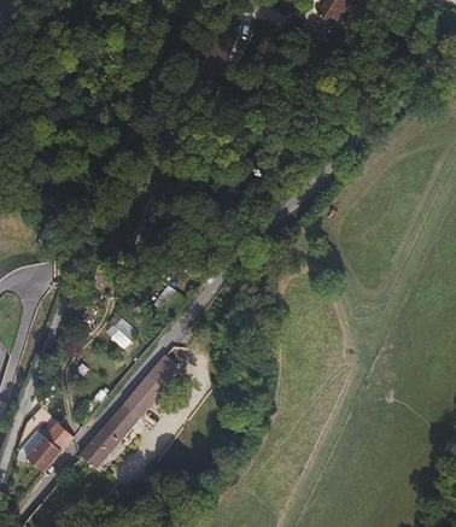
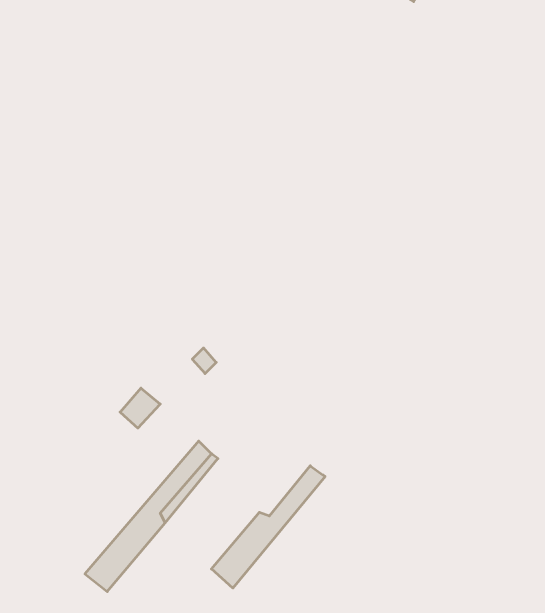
building: none -> [211,466,325,588]
building: [25,421,74,470] -> none

